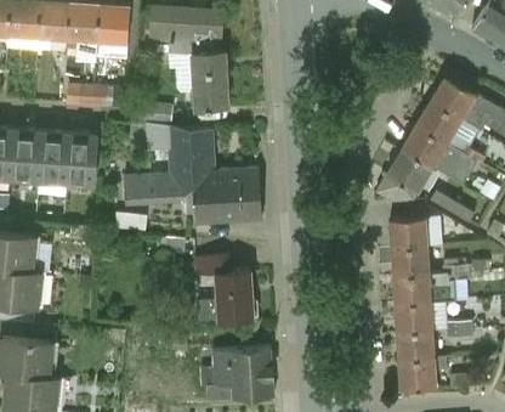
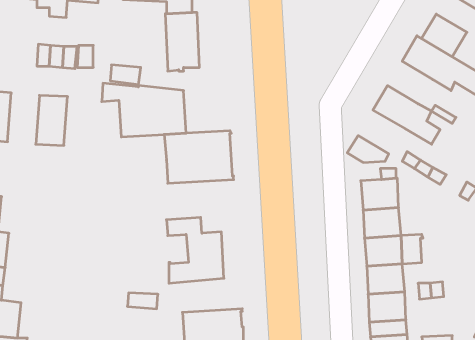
building: [415,101,460,143] -> [422,14,467,57]
building: [38,132,69,184] -> none
building: [386,149,432,193] -> none
building: [124,174,195,204] -> none

